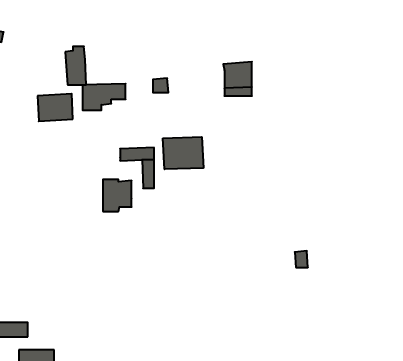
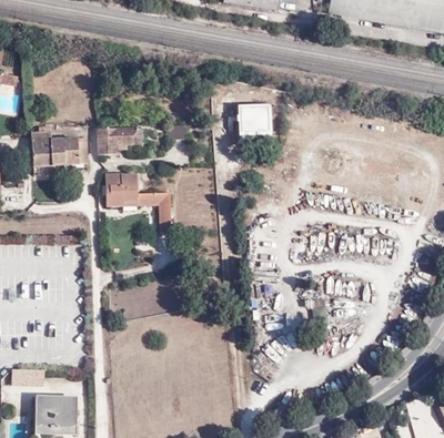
building: [65,46,86,85] -> [32,126,53,165]
building: [163,137,203,169] -> none
building: [103,179,132,211] -> [107,174,135,206]

